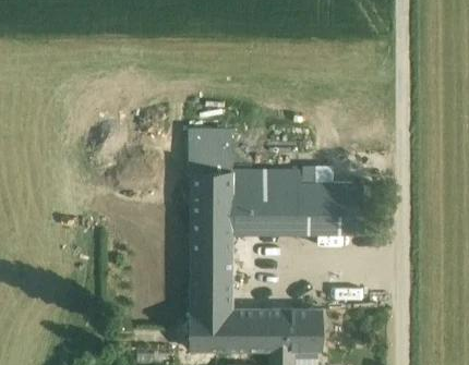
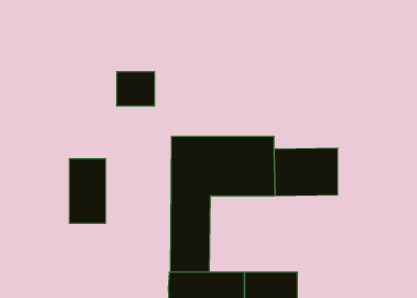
building: [191,136,230,171] -> [116,72,155,106]
building: none -> [70,159,106,223]

